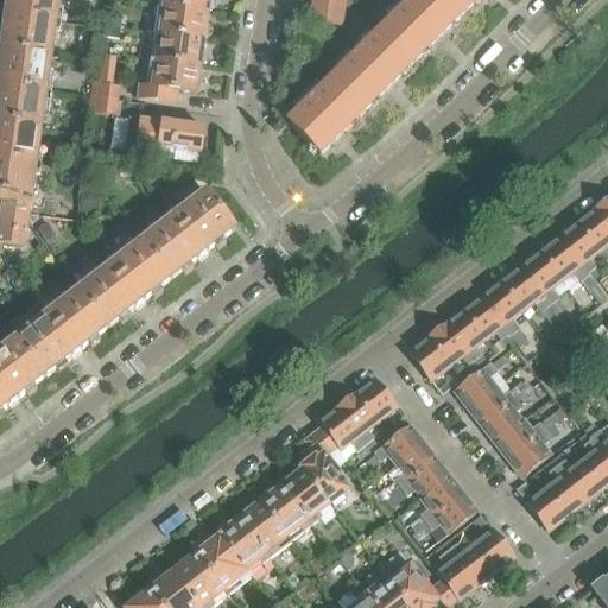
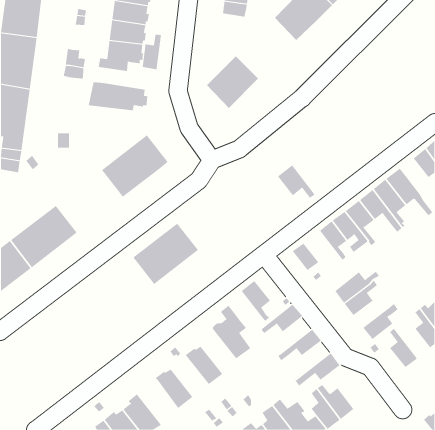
building: [329,25,413,109] -> none
building: none -> [142,34,161,70]
building: [558,221,598,278] -> none
building: [78,238,171,324] -> [132,223,199,285]
building: [424,322,477,369] -> [277,165,315,199]
building: [454,354,506,406] -> none
building: [355,378,394,419] -> none
building: [493,404,566,457] -> none
building: [316,406,369,457] -> none
building: [385,441,436,494] -> none
building: [550,452,600,500] -> none
building: [280,458,331,521] -> none
building: [408,475,462,530] -> none
building: [524,486,565,528] -> none
building: [239,495,291,553] -> none
building: [470,513,512,570] -> none
building: [191,530,251,593] -> none

